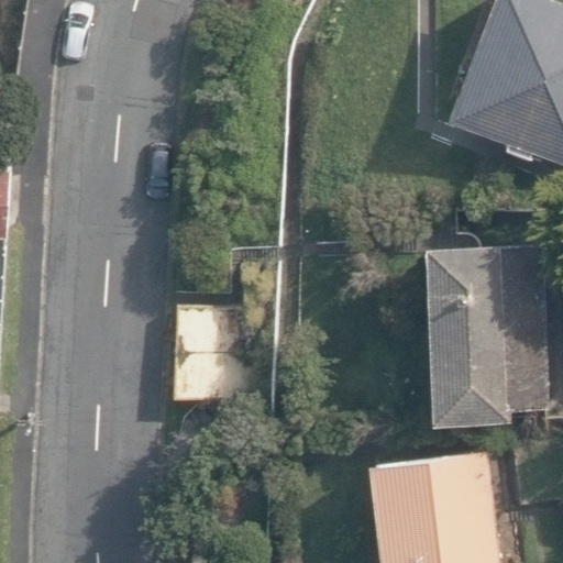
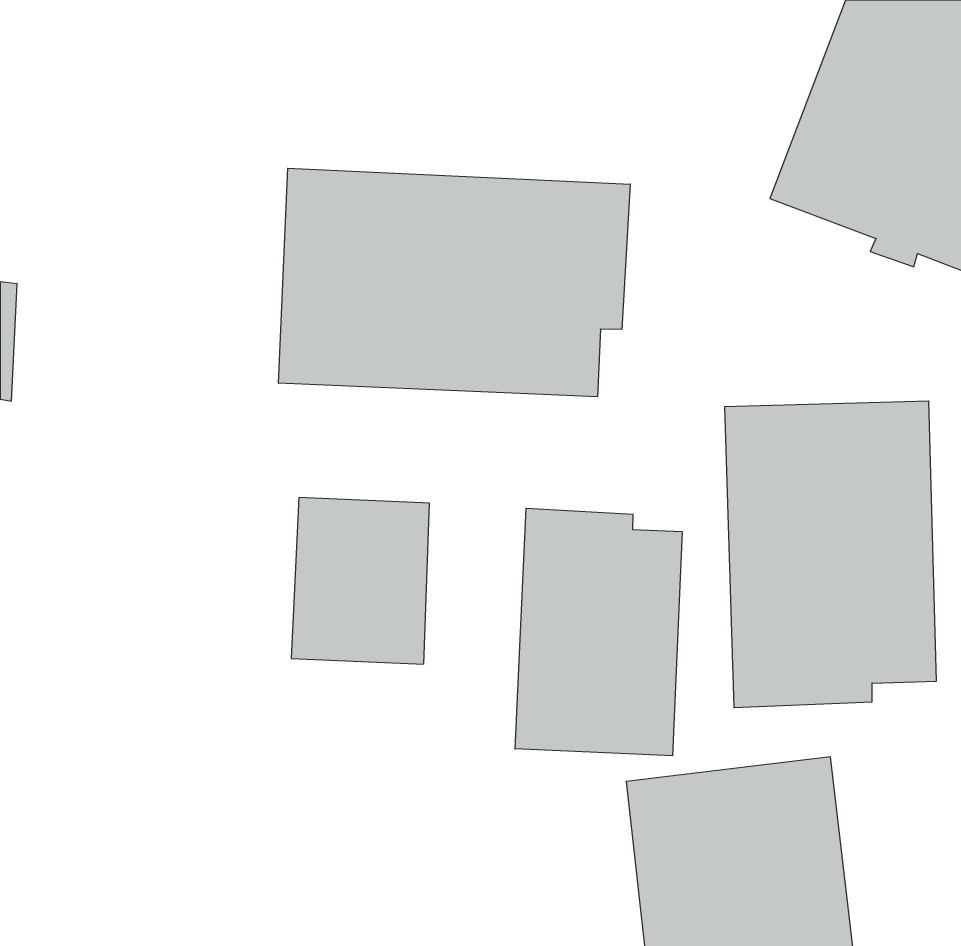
building: none -> [279,168,630,397]
building: none -> [515,508,682,756]

